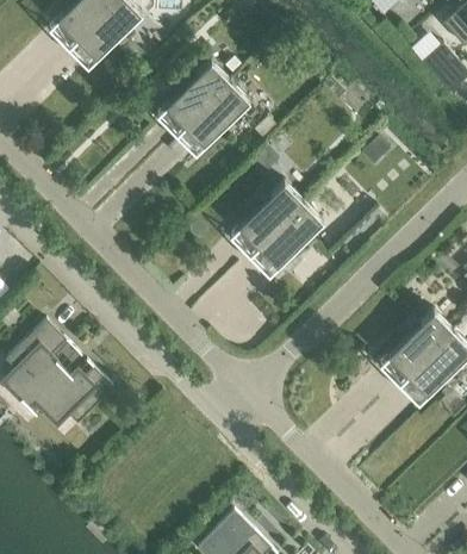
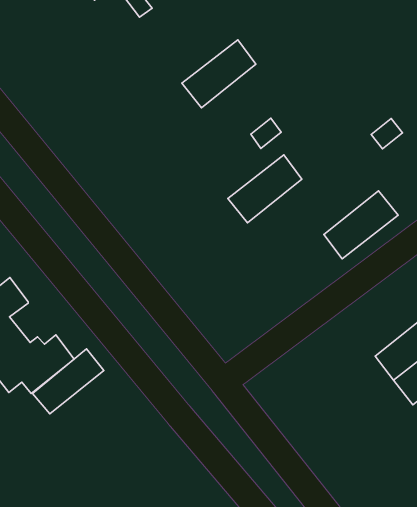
building: [164,62,230,127] -> none
building: [257,203,323,268] -> [324,191,398,259]
building: none -> [32,349,104,414]

